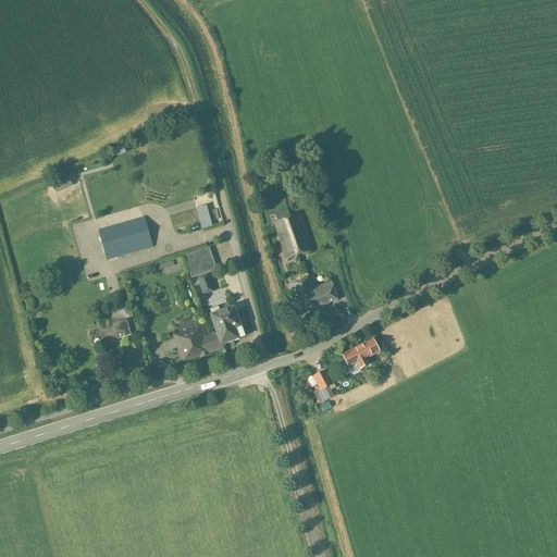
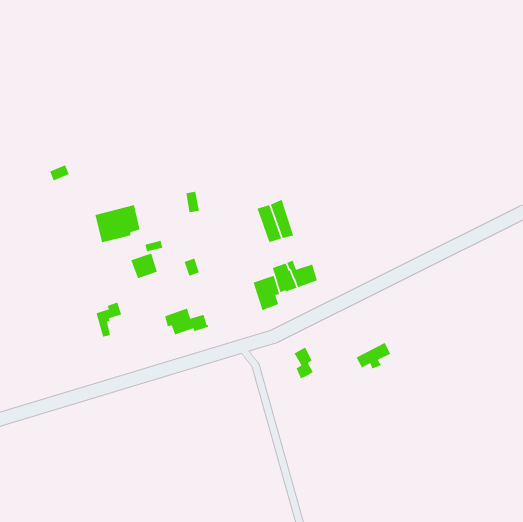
building: [185,247,214,275] -> [130,253,158,279]
building: [210,306,239,344] -> [252,275,280,311]
building: [341,337,379,367] -> [355,342,391,369]

